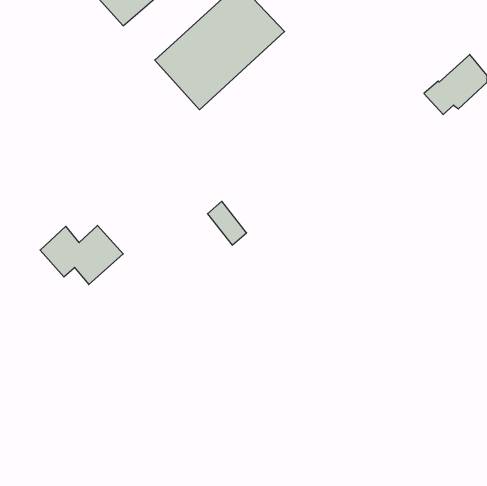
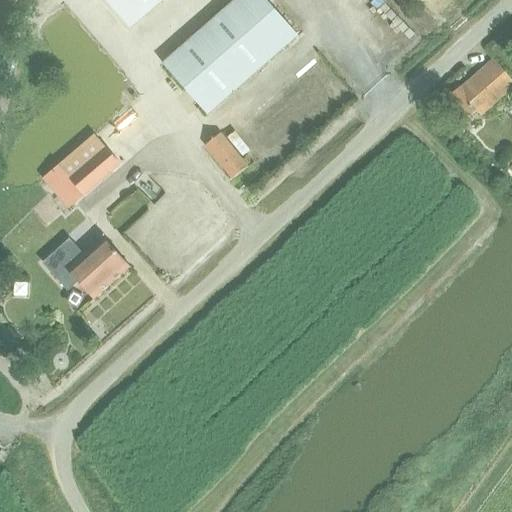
building: none -> [40,134,118,208]
building: [207,201,247,245] -> [206,131,247,177]

